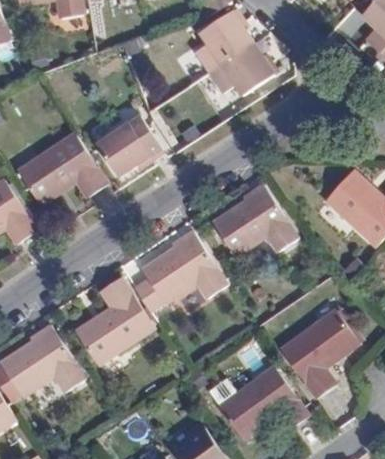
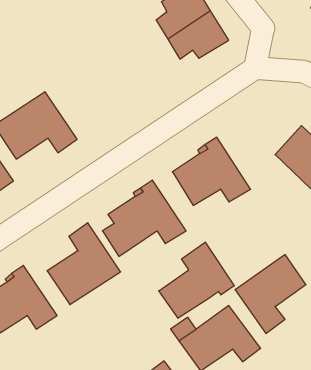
building: [95,115,158,177] -> none
building: none -> [159,242,234,318]

